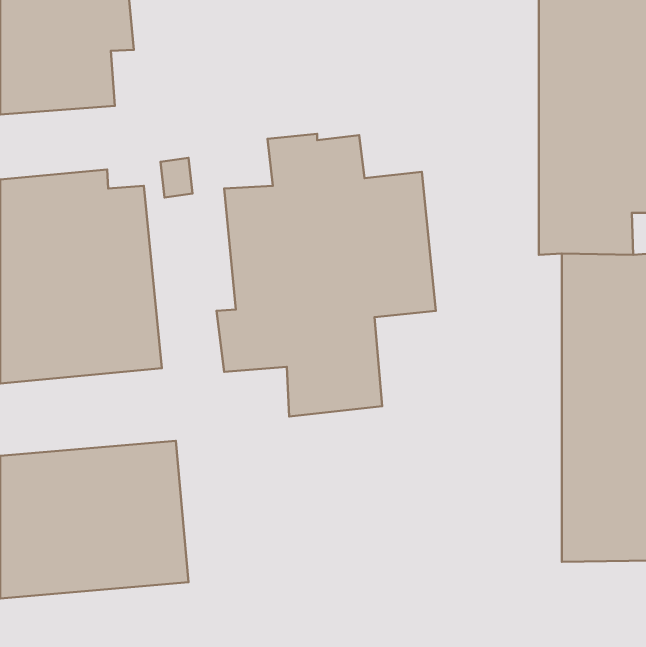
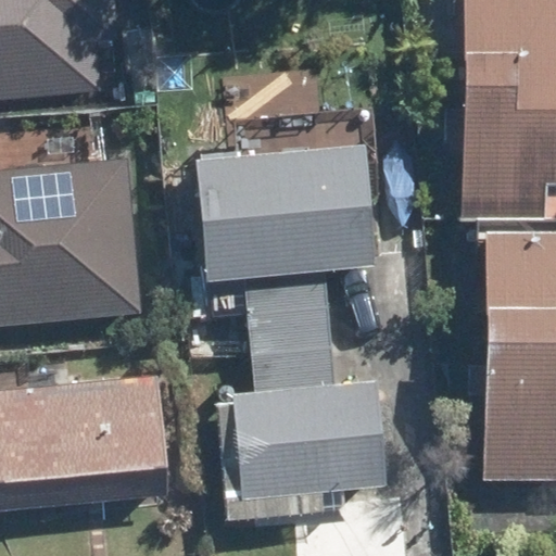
building: none -> [212,346,392,523]

